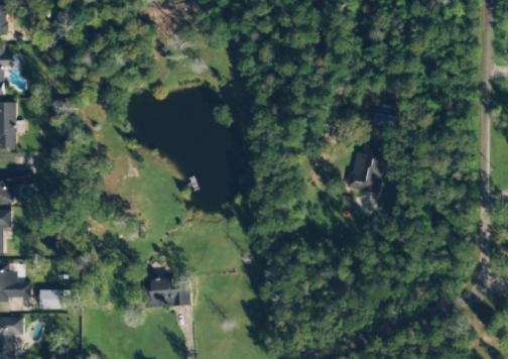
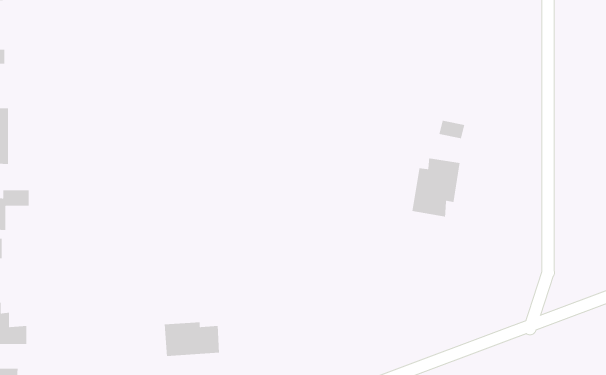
building: [38,290,62,310] -> none

